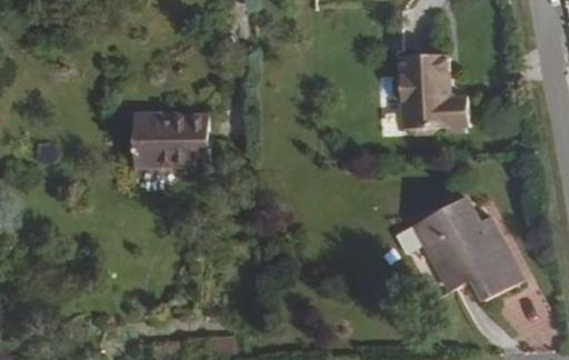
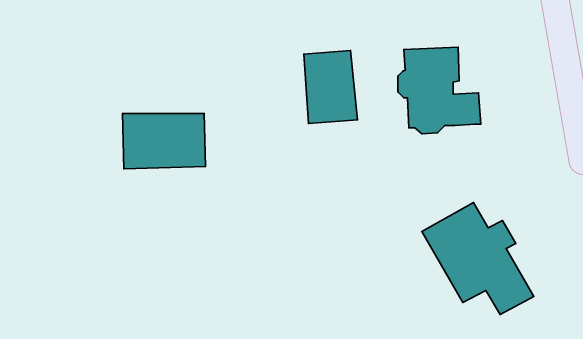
building: none -> [304,51,357,123]

